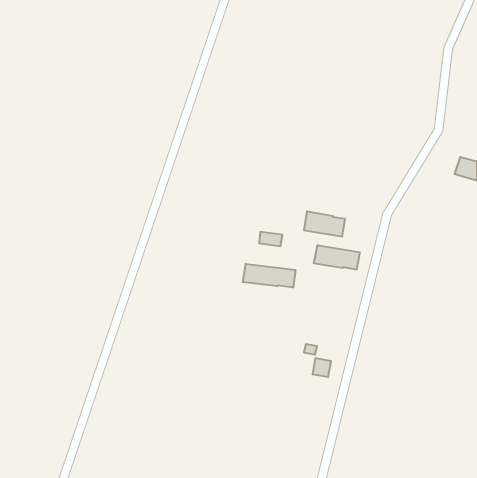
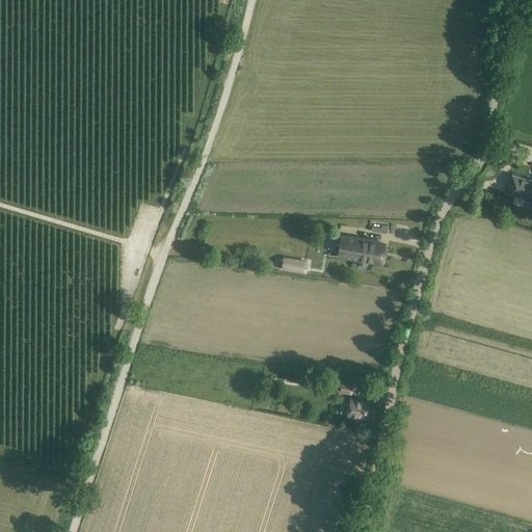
building: [314,245,360,270] -> none
building: [243,264,296,288] -> none

